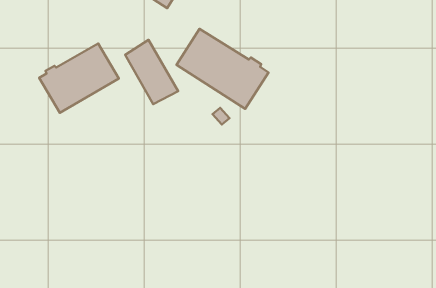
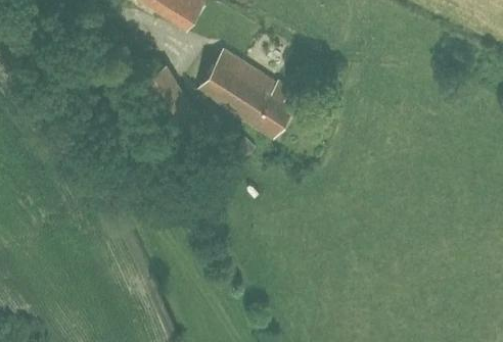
building: [39,44,119,113] -> none

